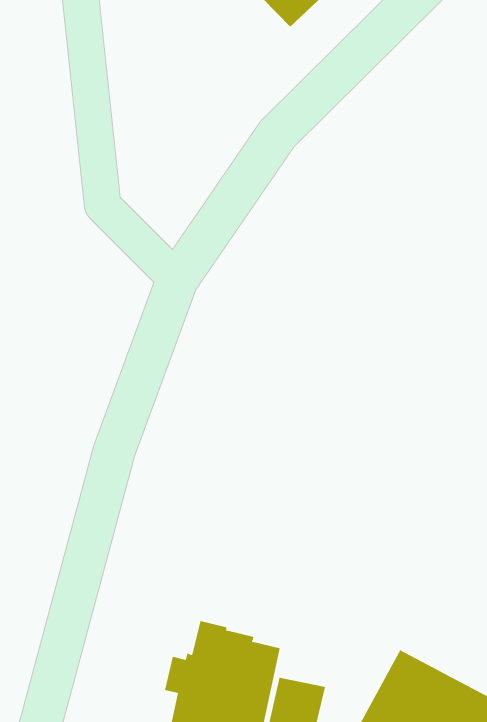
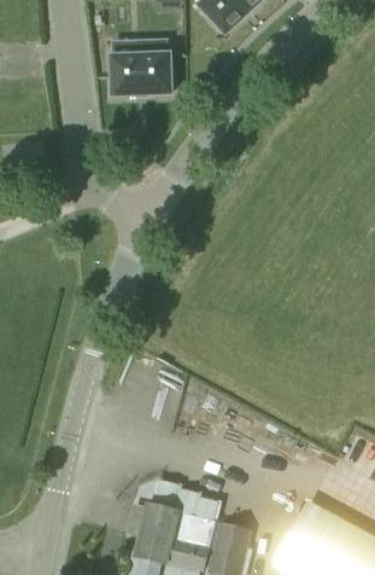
building: none -> [107,41,172,101]

